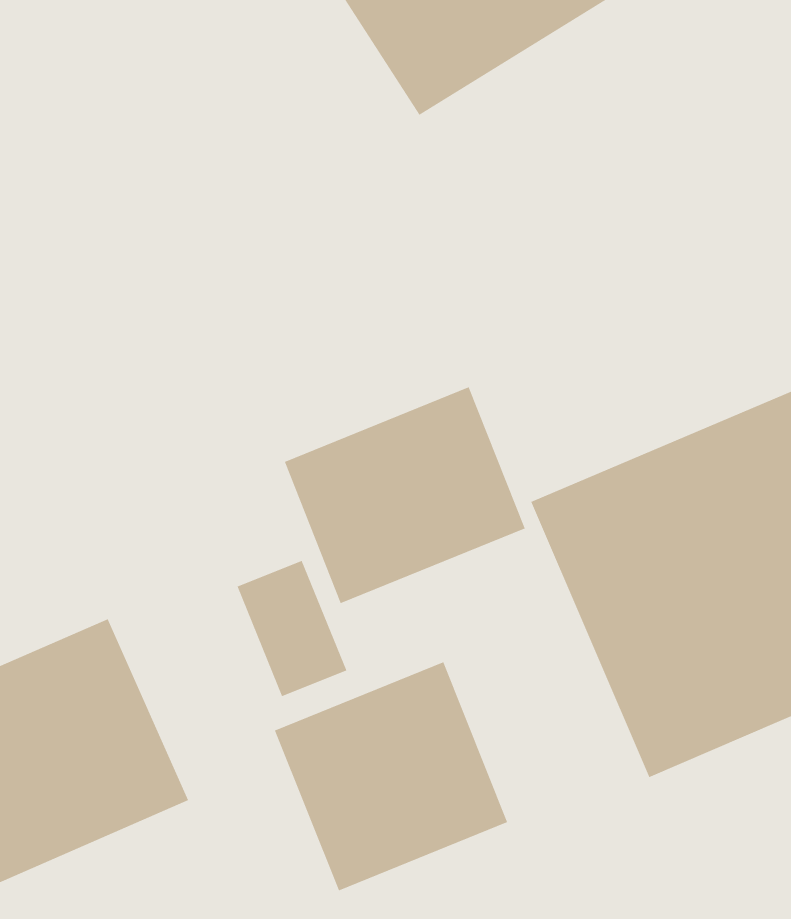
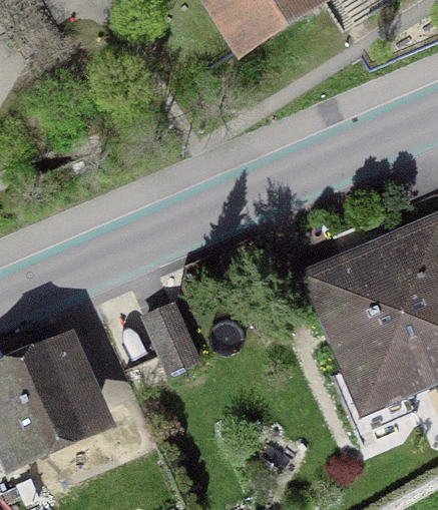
building: [284,386,526,604] -> none
building: [274,661,508,891] -> none

